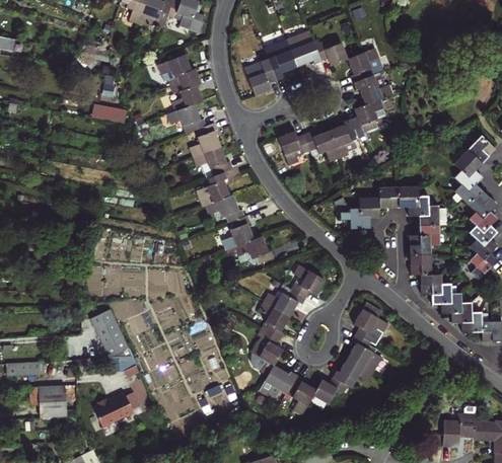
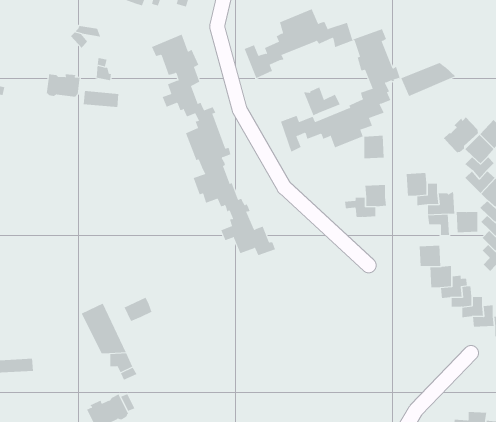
building: none -> [401,62,456,97]
building: none -> [46,74,80,97]
building: none -> [303,86,340,116]
building: none -> [443,116,478,153]
building: [378,185,399,208] -> [363,135,385,159]
building: [409,234,430,254] -> [456,212,478,233]
building: [248,263,388,415] -> none
building: none -> [124,297,152,322]
building: [29,384,74,416] -> none

